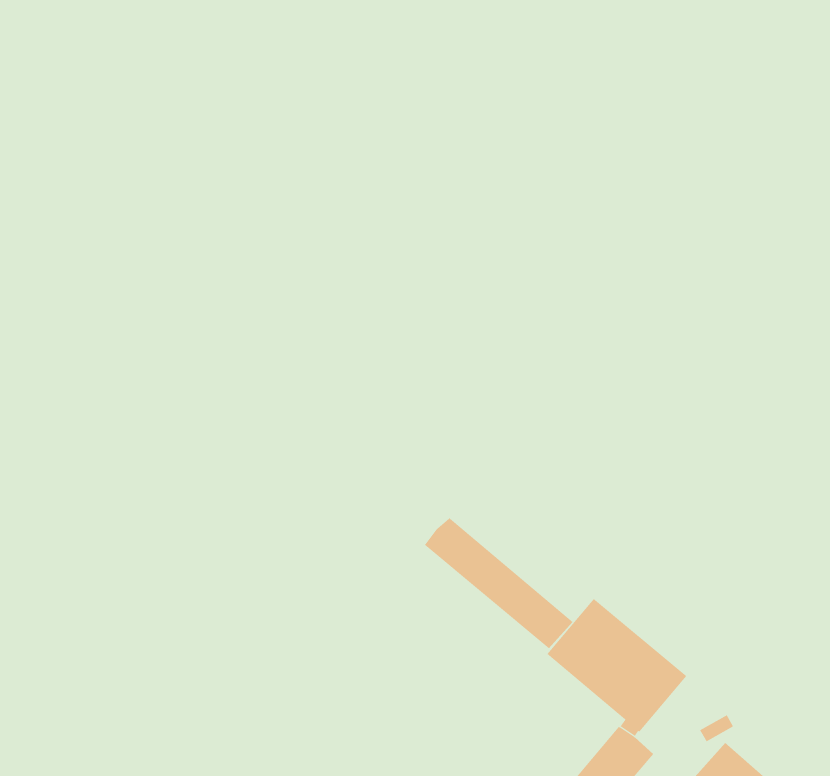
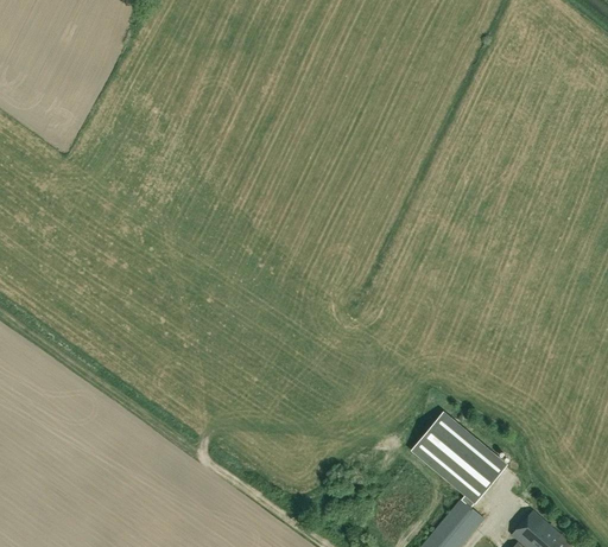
building: [424,516,573,649] -> none

